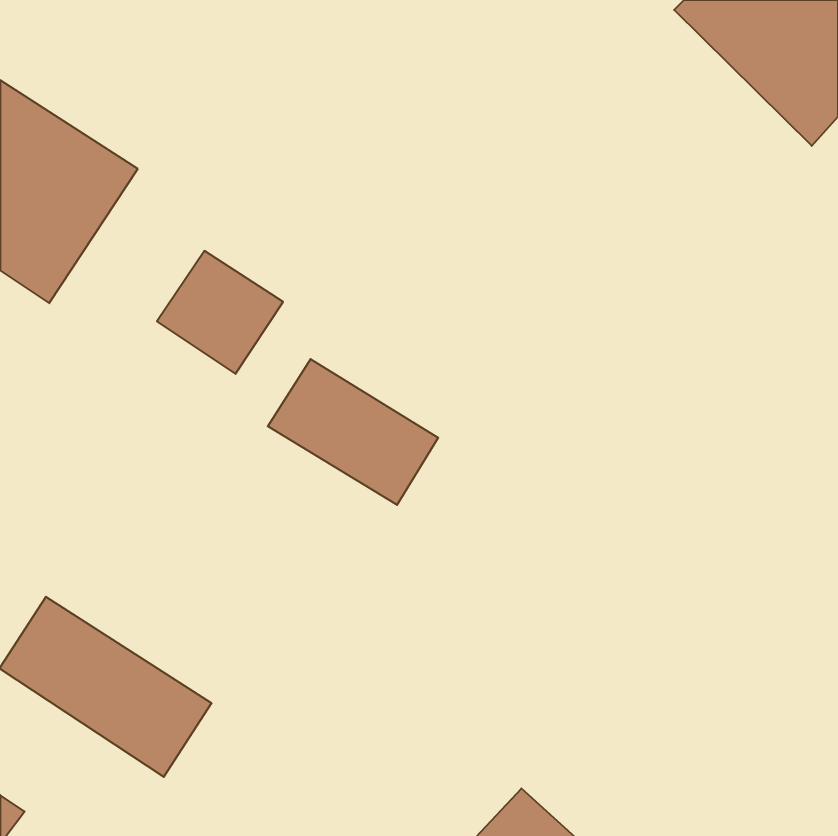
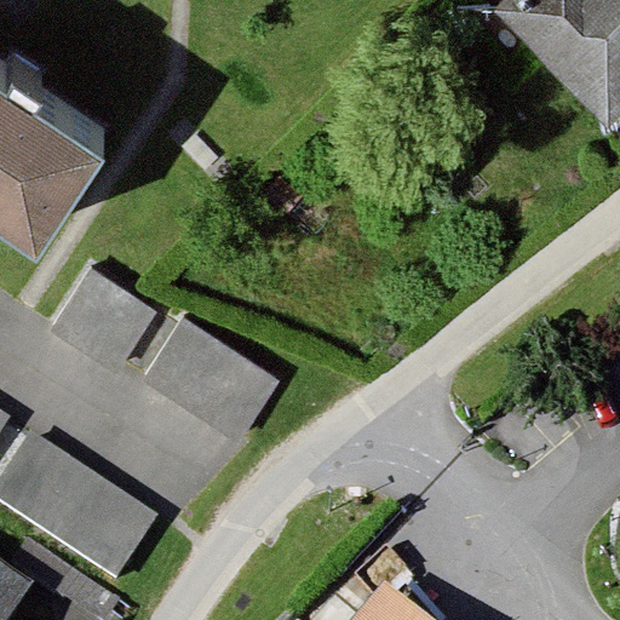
building: [157,251,283,374] -> [58,268,151,358]
building: [268,359,438,505] -> [150,321,276,429]

